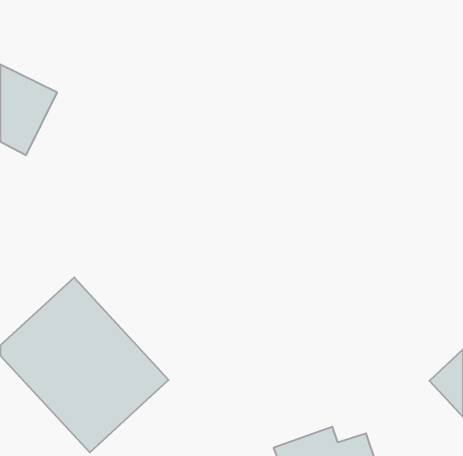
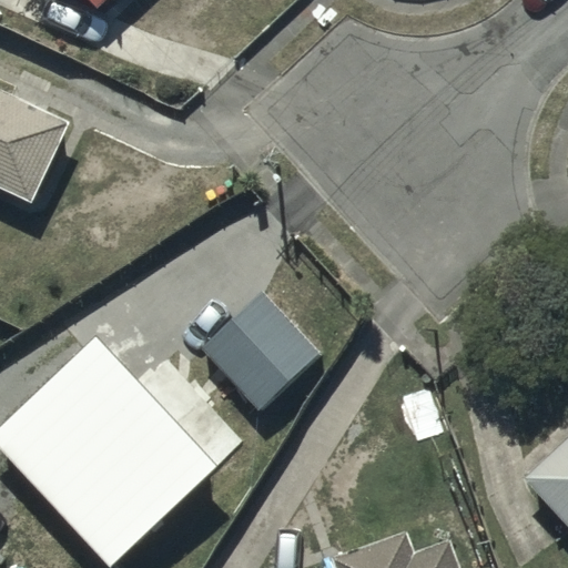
building: none -> [202,293,322,413]

